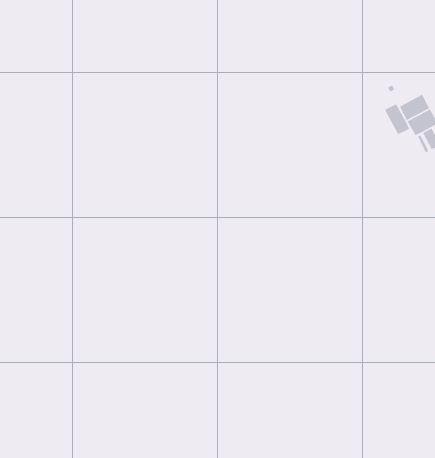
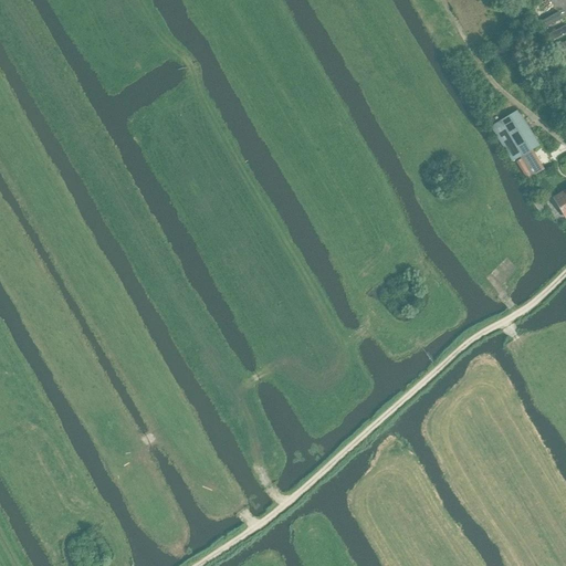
building: [384,103,410,135] -> none

